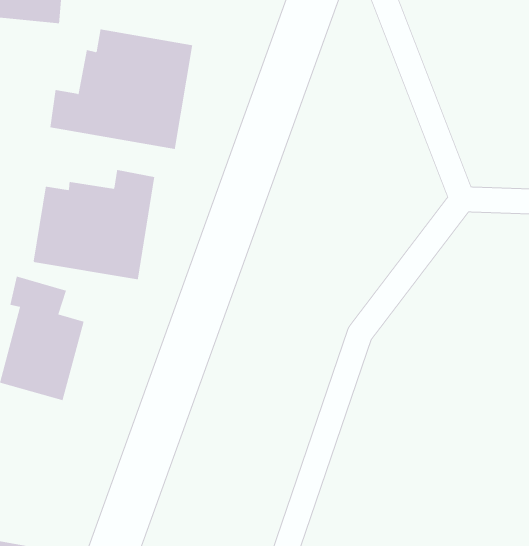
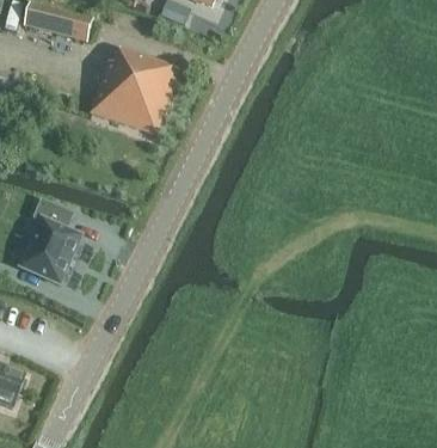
building: [32,169,155,280] -> none

